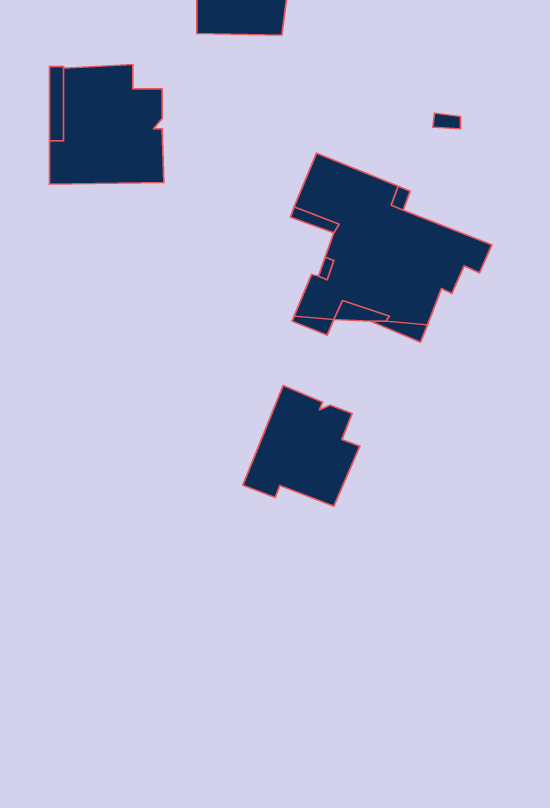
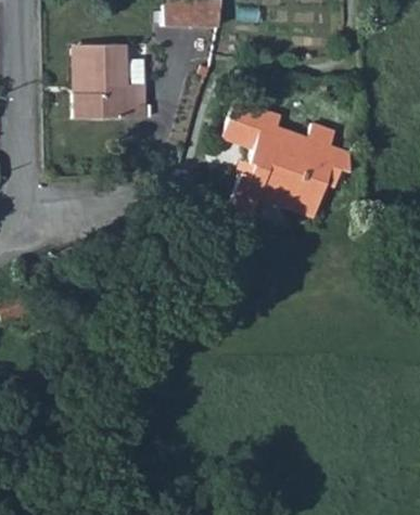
building: [243,385,360,506] -> none

